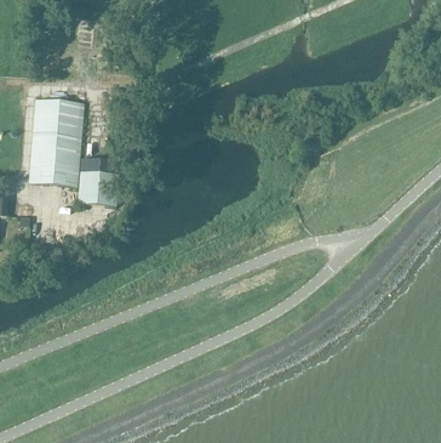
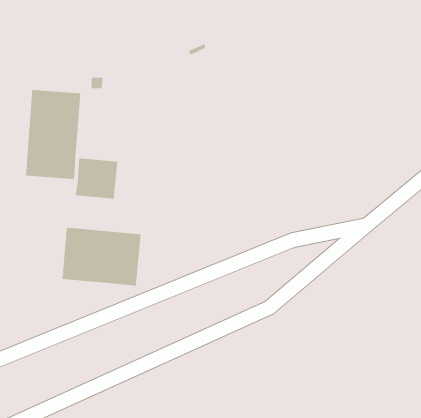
building: none -> [61,227,141,287]

